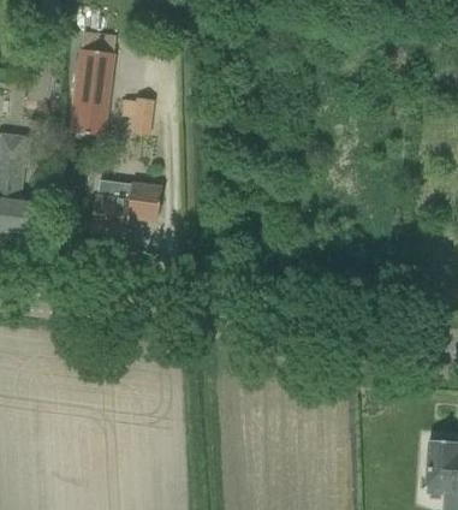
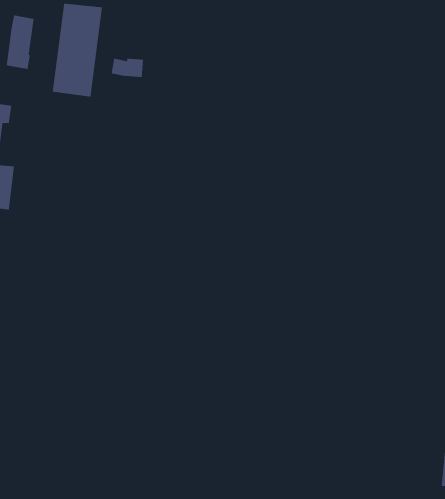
building: [91,179,161,233] -> none

